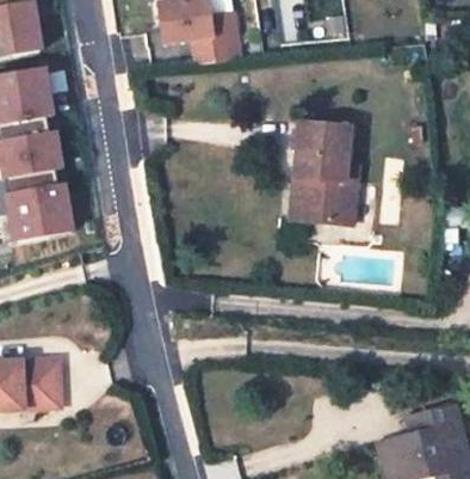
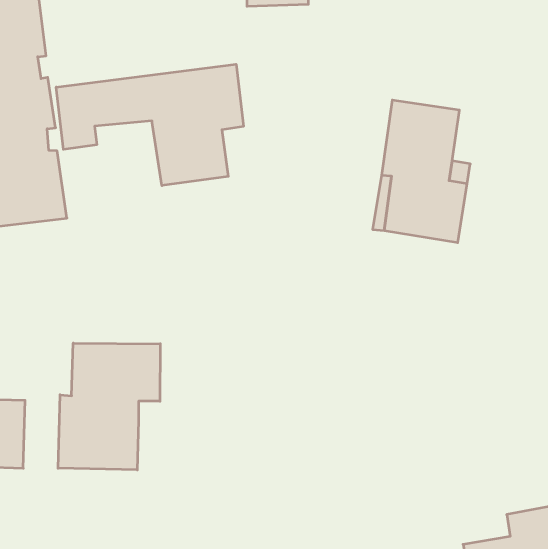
building: none -> [56,64,243,186]
building: none -> [58,343,160,470]

